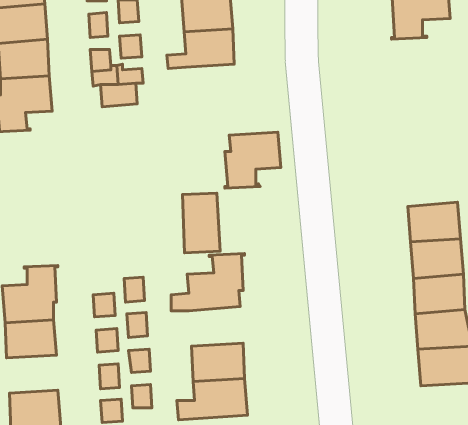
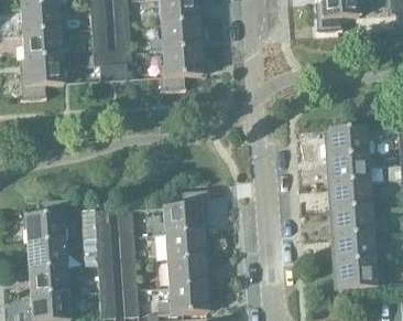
building: [225,132,281,188] -> [160,49,202,90]
building: none -> [327,126,367,156]
building: [182,193,220,253] -> none
building: none -> [165,231,206,260]
building: none -> [29,267,67,296]

